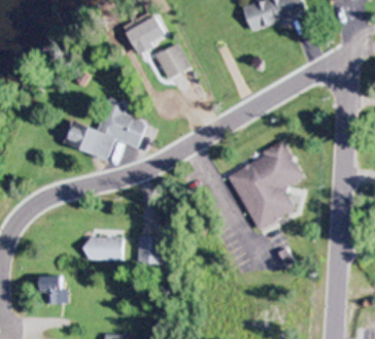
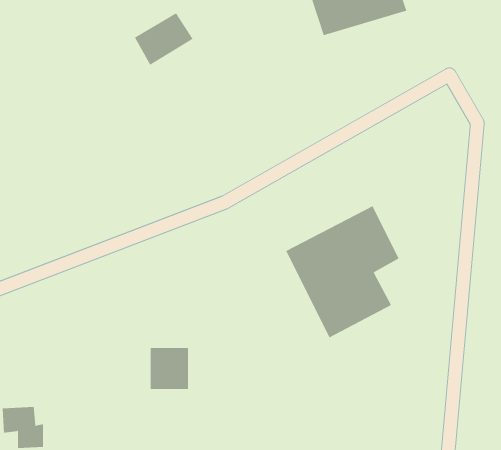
building: [156,43,192,79] -> none
building: [63,97,146,159] -> none
building: [86,237,122,261] -> none

